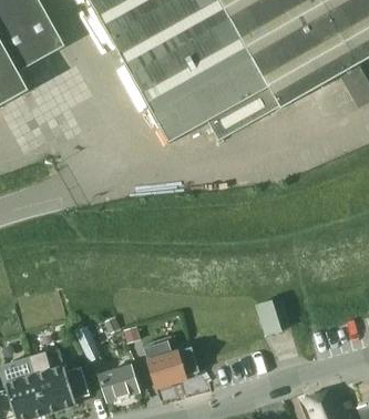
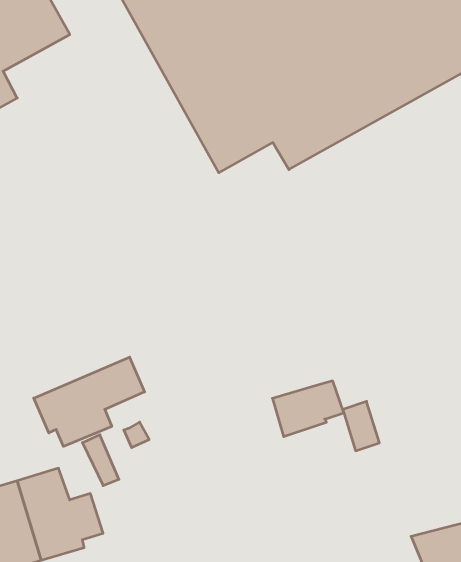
building: none -> [34,357,145,446]
building: [147,349,197,388] -> [272,381,344,437]
building: [100,366,139,401] -> none

